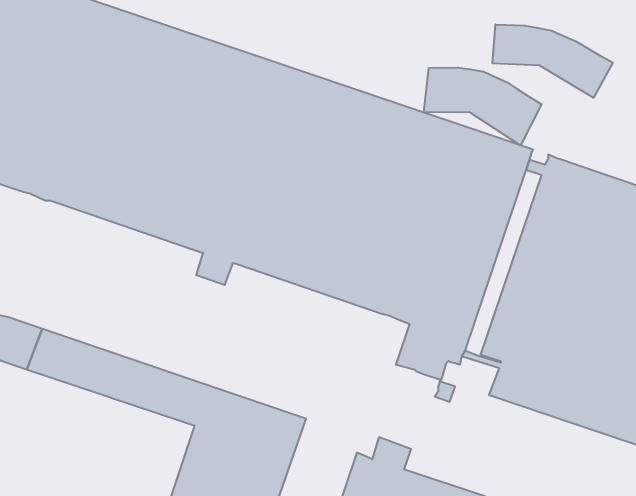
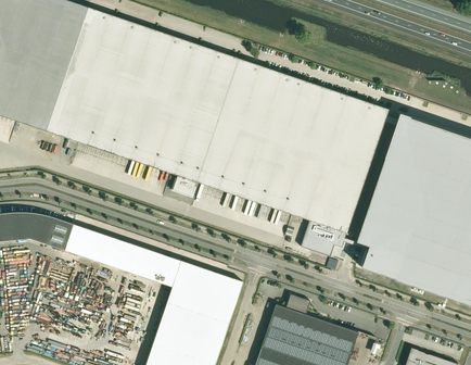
building: [493,24,613,98] -> none
building: [424,67,542,145] -> none

